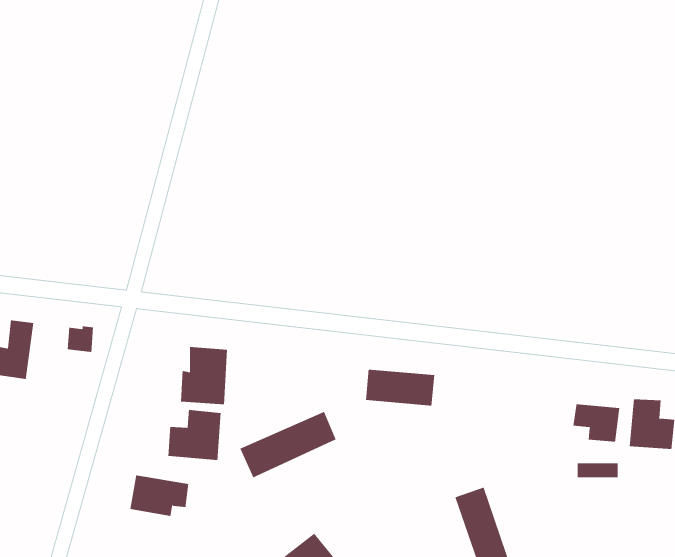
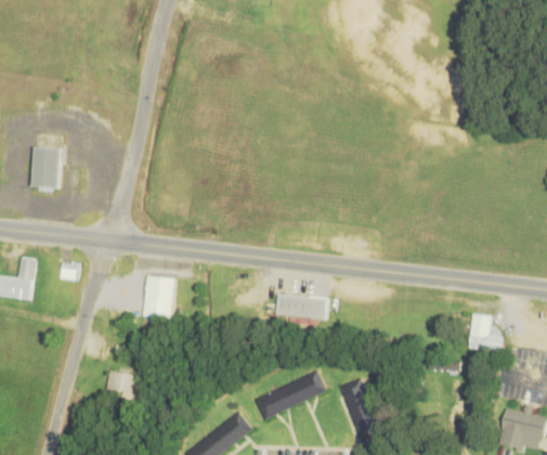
building: none -> [30,145,60,186]
building: [573,404,620,443] -> none
building: [168,409,221,461] -> none
building: [240,411,336,478] -> [256,370,326,419]

